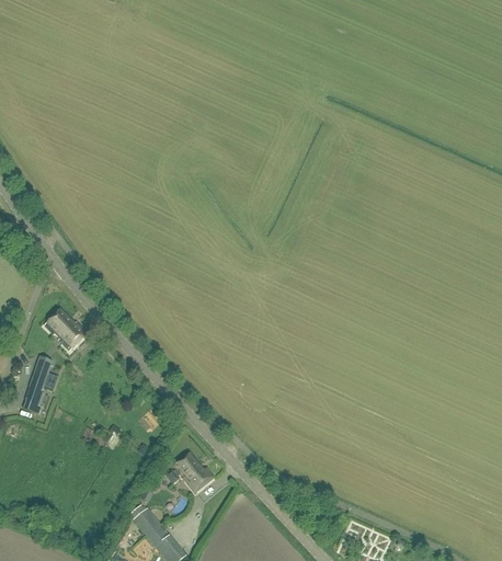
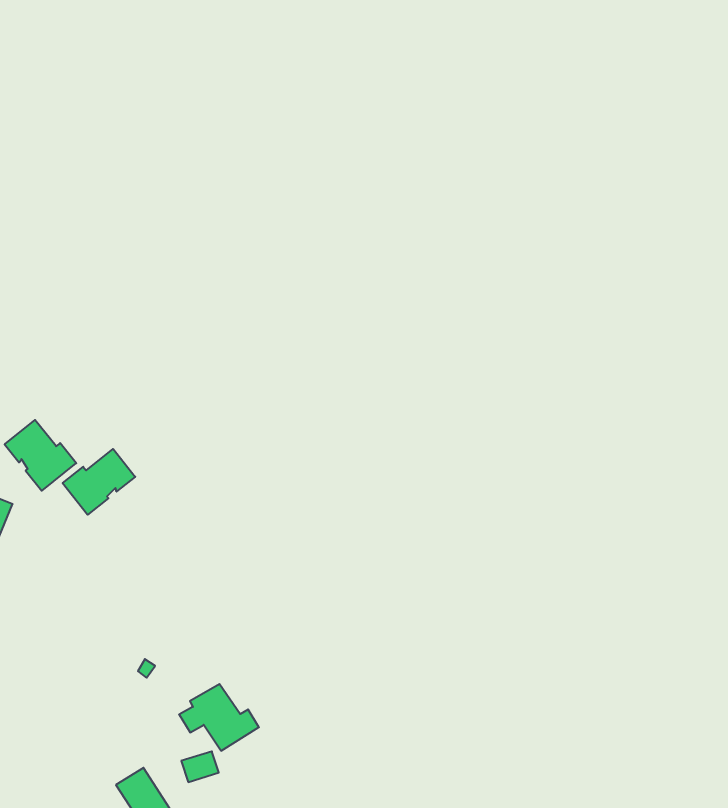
building: none -> [63,449,135,515]

